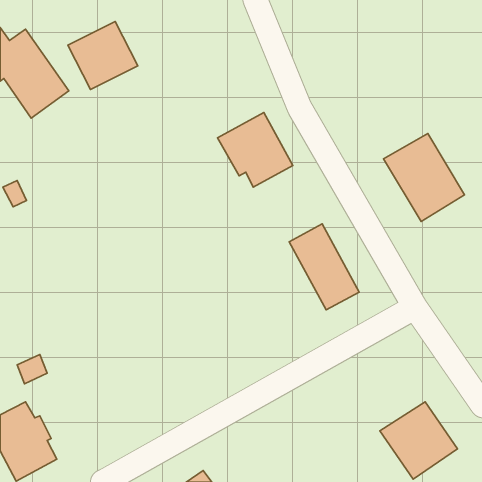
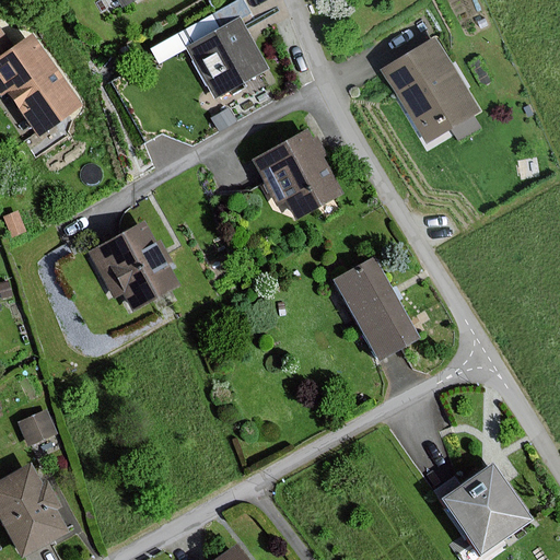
building: [68,21,138,89] -> [186,18,267,96]
building: [383,133,465,221] -> [386,38,480,140]
building: none -> [90,222,177,311]

